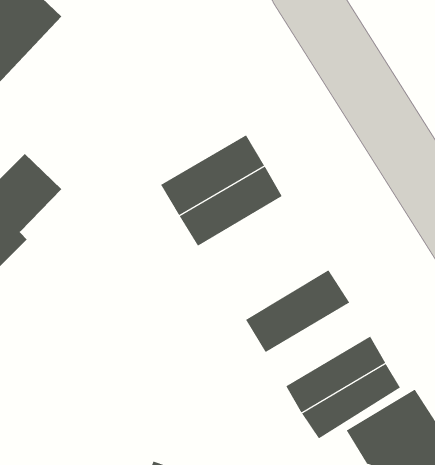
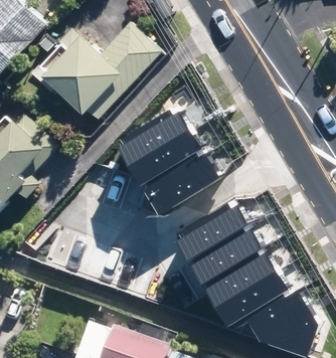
building: none -> [50,28,156,112]
building: none -> [143,151,216,210]
building: none -> [190,225,263,284]

